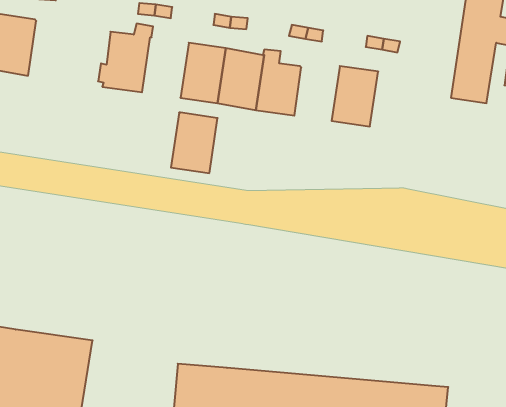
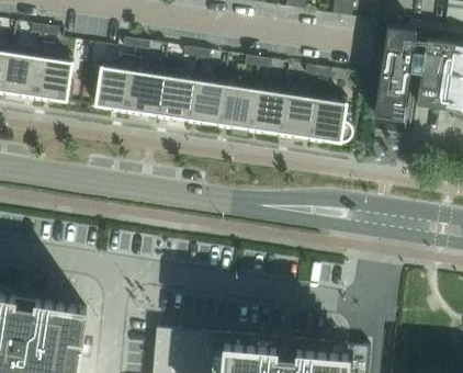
building: none -> [35,42,74,100]
building: none -> [248,83,284,132]
building: none -> [308,92,352,142]
building: [171,113,218,173] -> [126,65,163,113]

